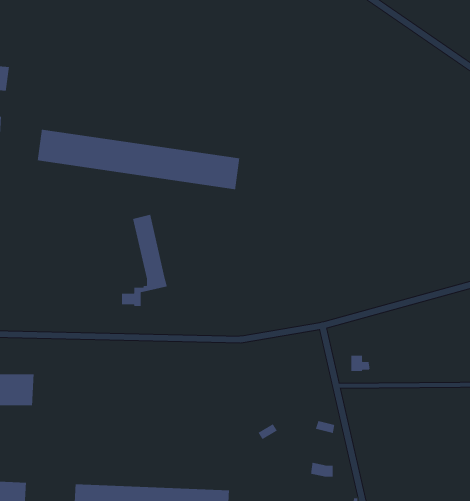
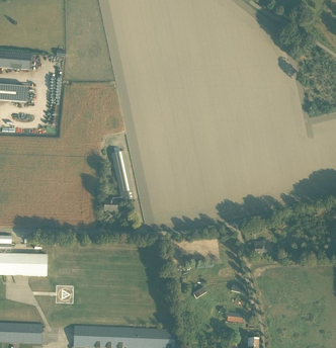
building: [37,129,240,190] -> none

